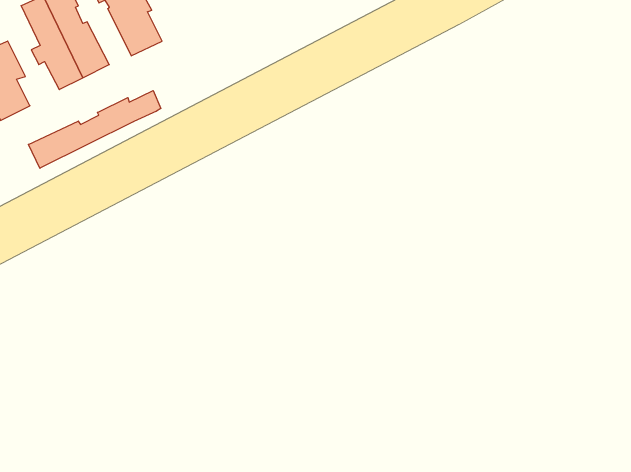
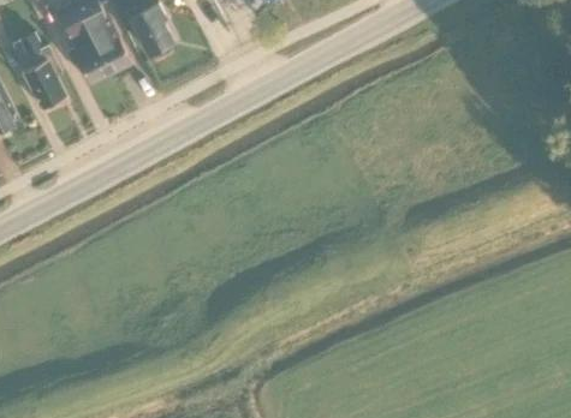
building: [28,91,161,168] -> none

